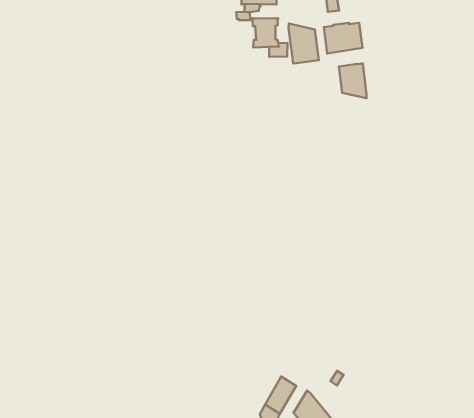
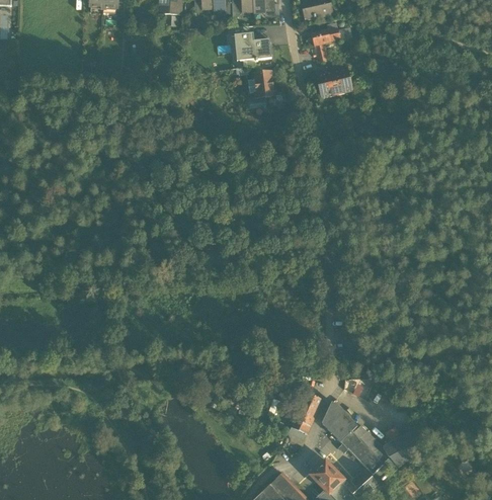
building: [289,23,319,64] -> none
building: [339,63,367,98] -> none

